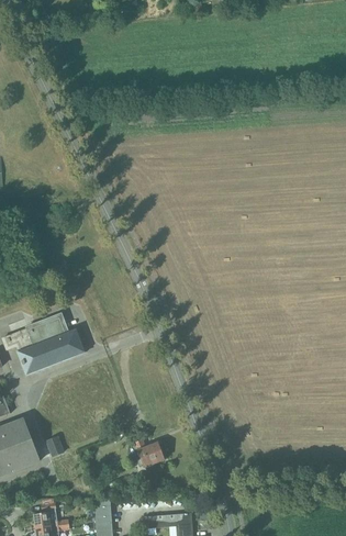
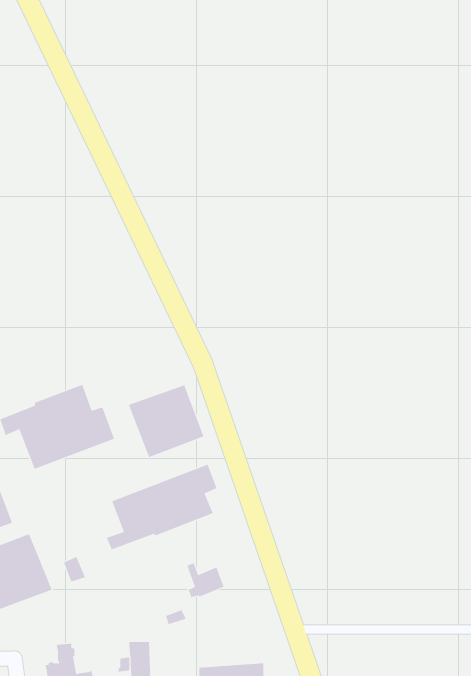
building: none -> [128,385,204,458]
building: none -> [106,464,217,550]

